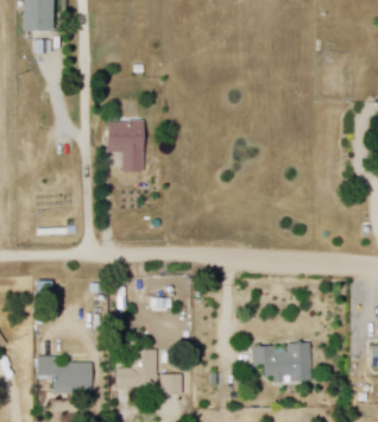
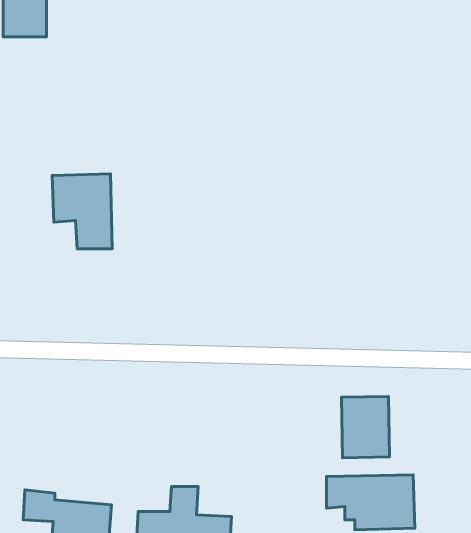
building: [105,119,147,172] -> [52,174,112,249]
building: none -> [341,396,390,458]

